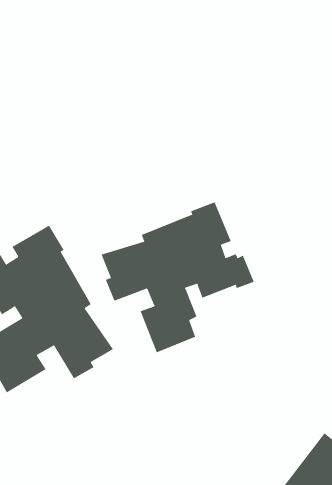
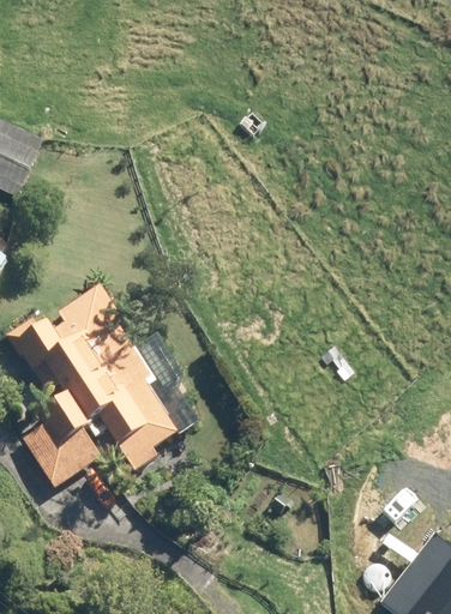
building: [101,202,254,353] -> none

